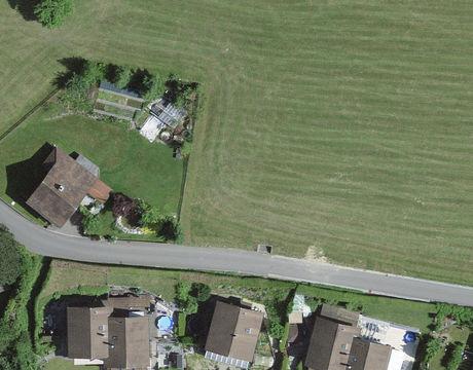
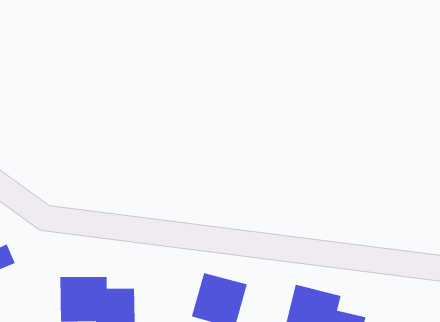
building: [15,148,114,235] -> none

